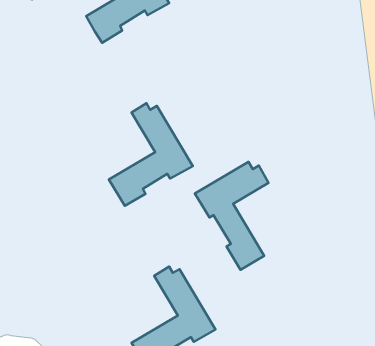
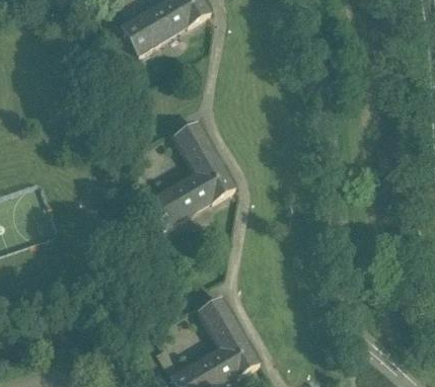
building: [195,162,269,270] -> none

